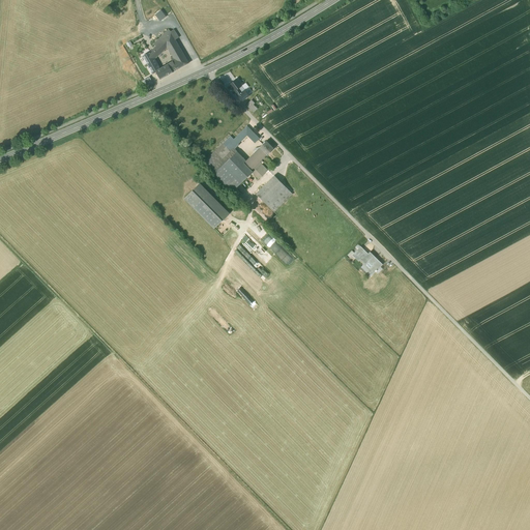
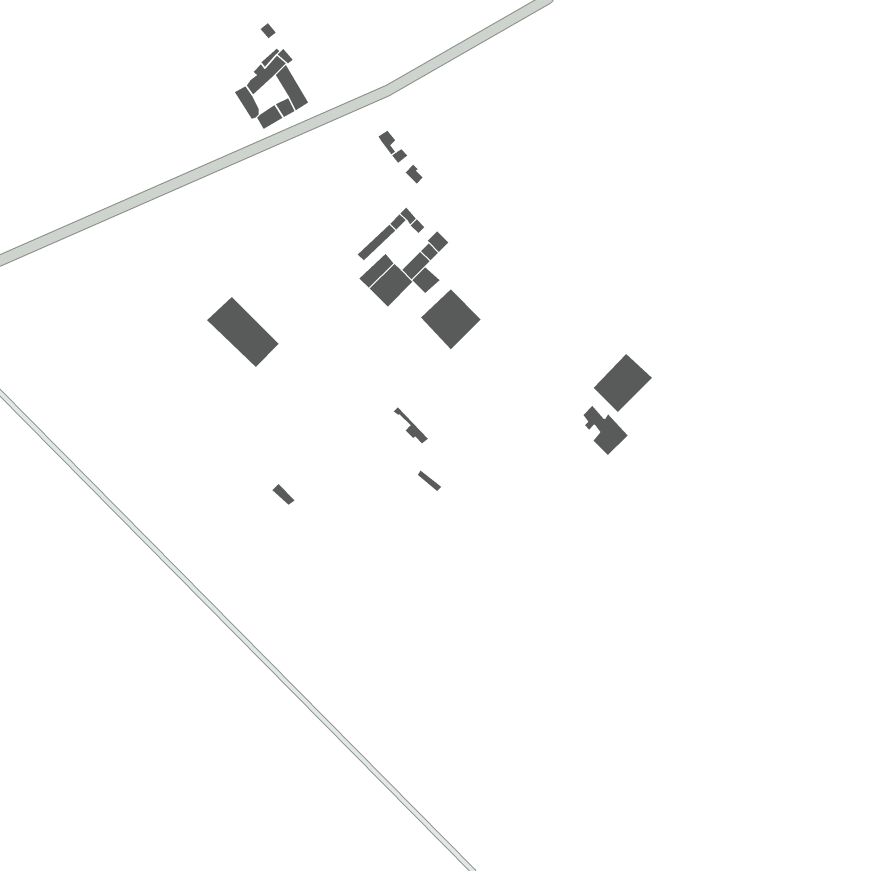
building: [183,183,228,227] -> [206,296,280,368]
building: none -> [593,353,653,413]

